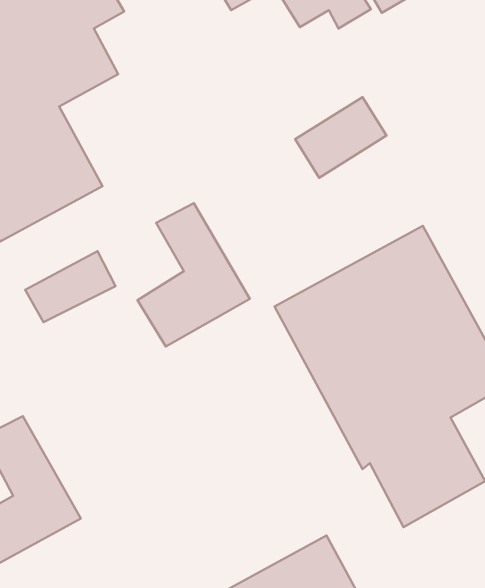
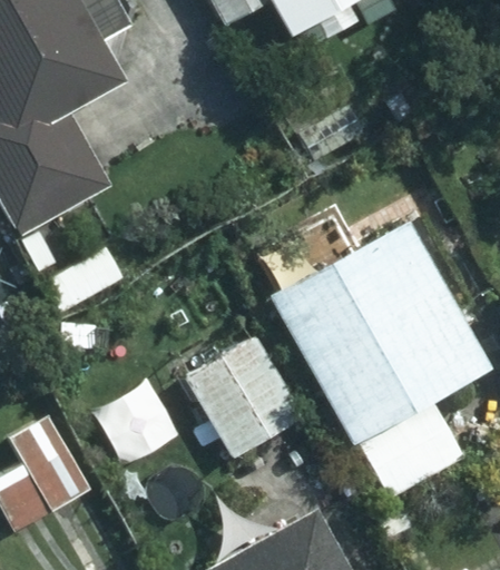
building: [137,203,250,346] -> none
building: none -> [186,332,305,459]

